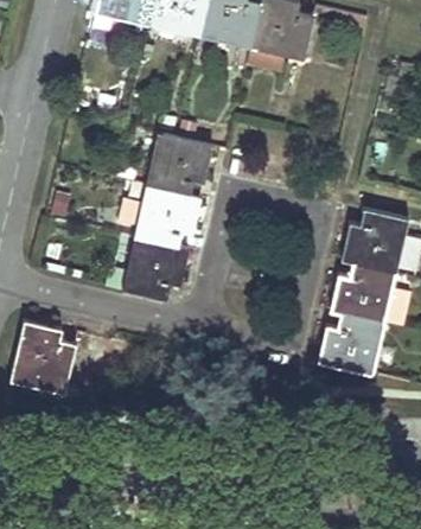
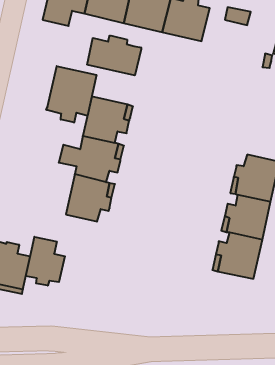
building: none -> [87,36,141,75]
building: none -> [46,66,96,123]
building: none -> [26,237,65,286]

